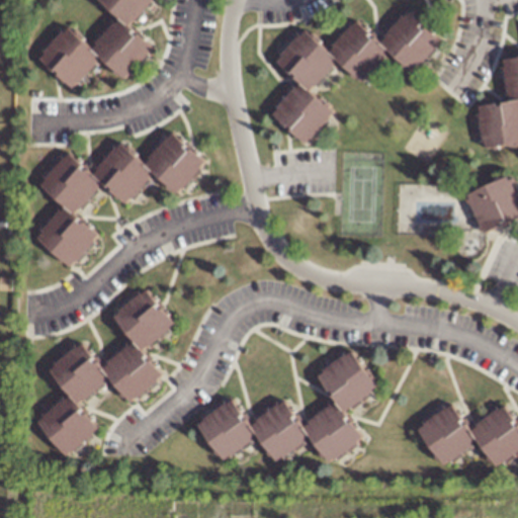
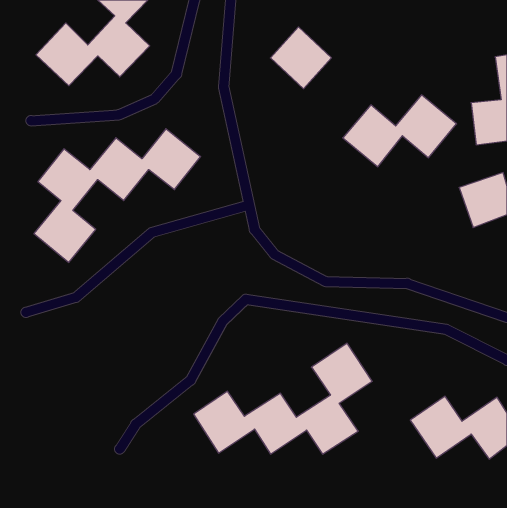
building: [326,10,441,83] -> [343,95,457,167]
building: [269,82,332,145] -> none
building: [35,288,174,456] -> none

